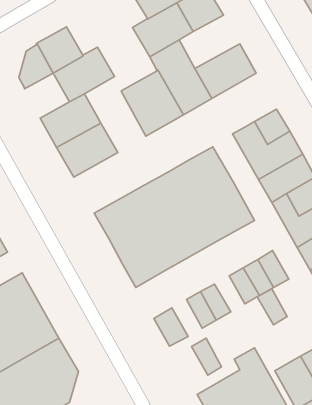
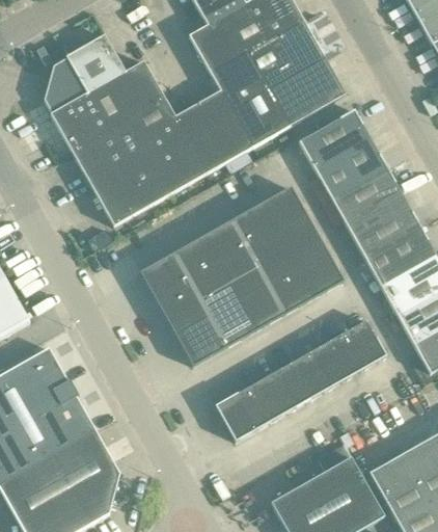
building: none -> [247,20,324,87]
building: none -> [50,94,108,151]
building: none -> [127,98,204,194]
building: none -> [298,109,371,170]
building: [257,289,287,325] -> [292,351,330,397]
building: [191,338,222,375] -> [238,381,276,428]

